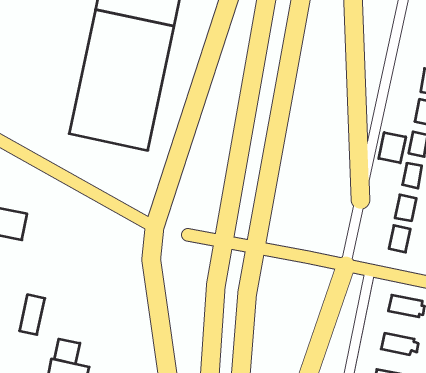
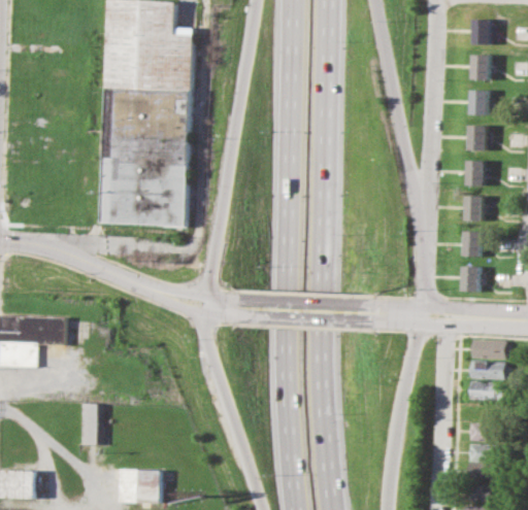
building: [379,132,406,163] -> none
building: none -> [471,361,510,380]
building: [54,339,80,364] -> none

